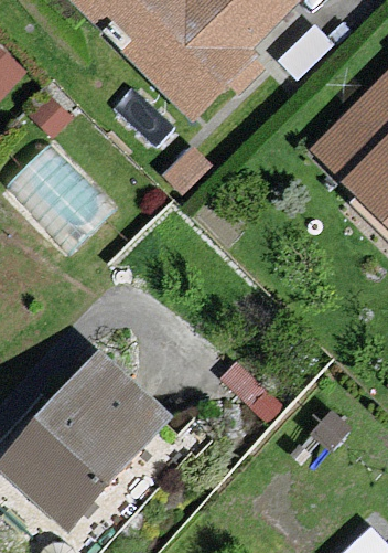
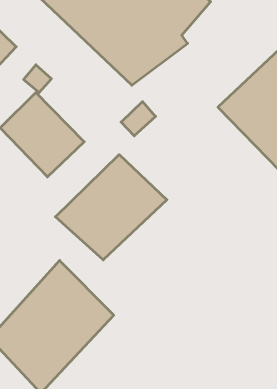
building: none -> [55,155,167,260]

